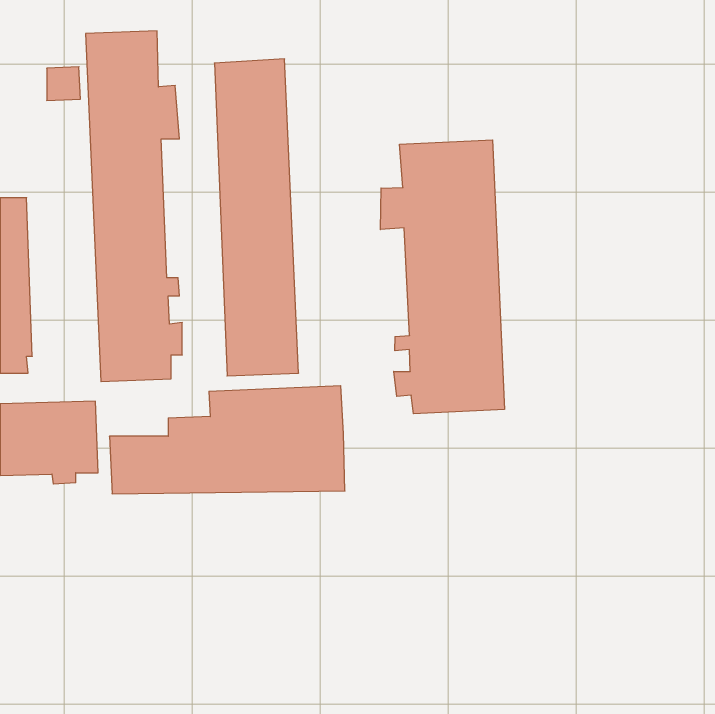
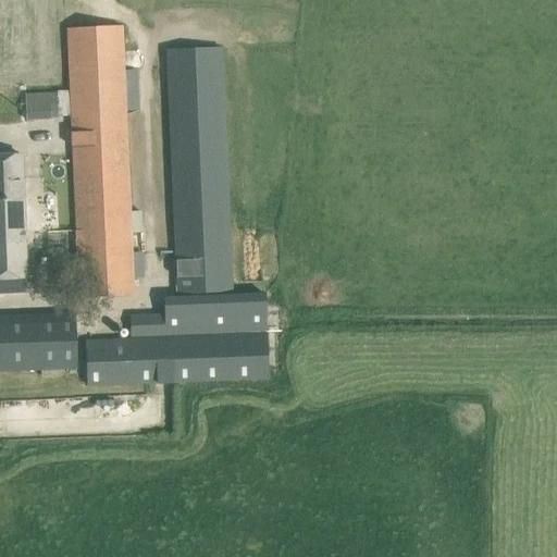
building: [47,67,80,100] -> [26,91,52,117]
building: [380,140,504,414] -> none

